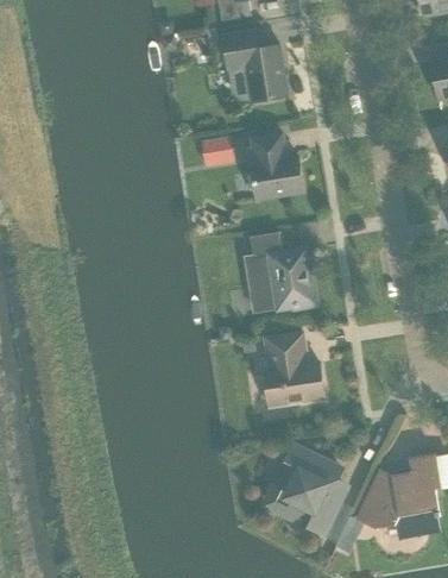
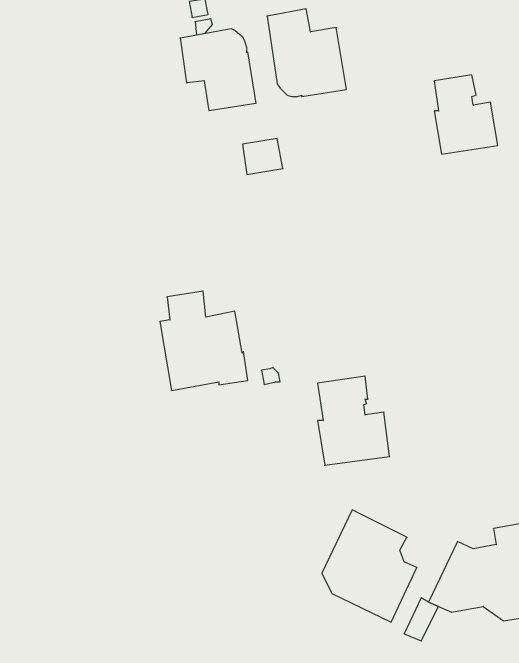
building: none -> [180,29,256,111]
building: [251,133,303,199] -> [434,75,498,154]
building: [244,231,316,313] -> [160,291,248,391]

